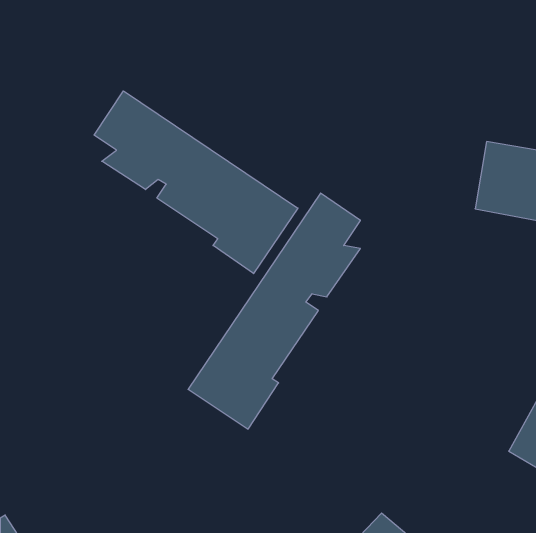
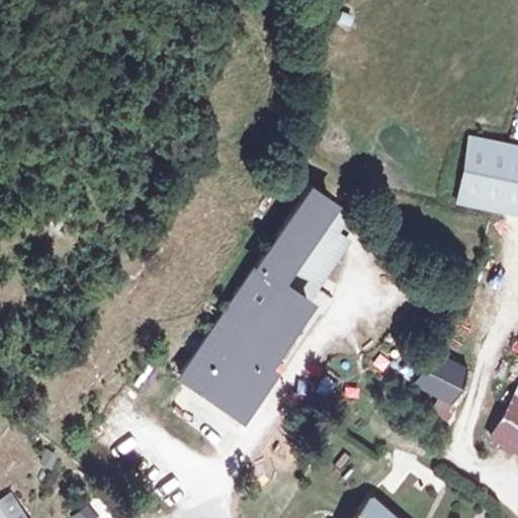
building: [94,91,298,274] -> none
building: none -> [416,355,469,427]

